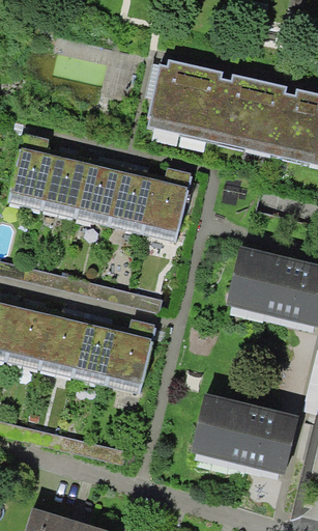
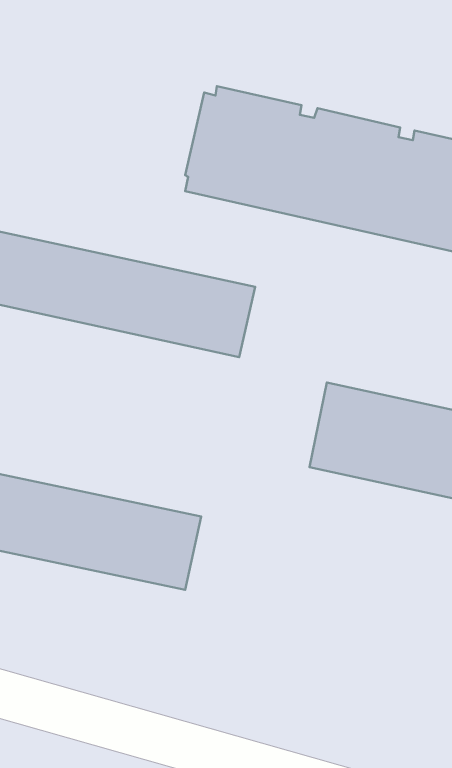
building: [193,397,299,471] -> none

